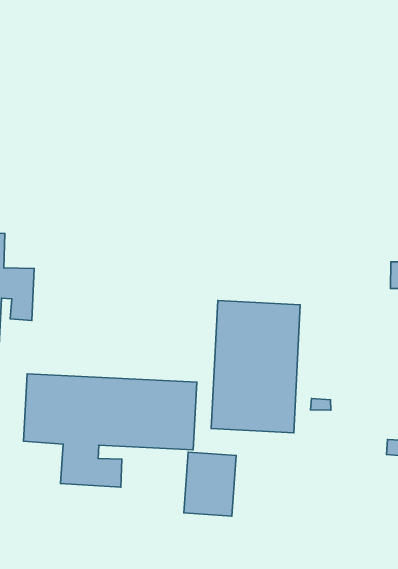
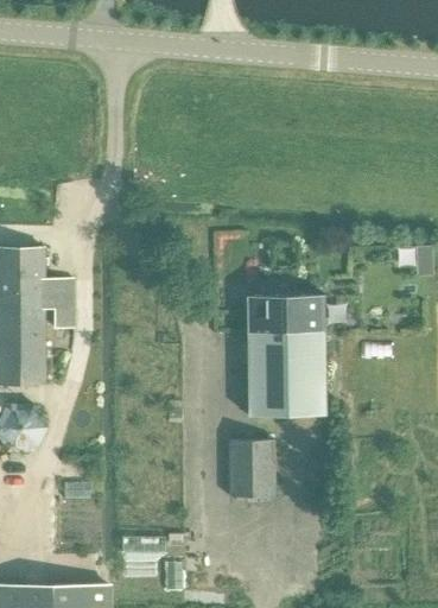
building: [24,374,197,487] -> none

